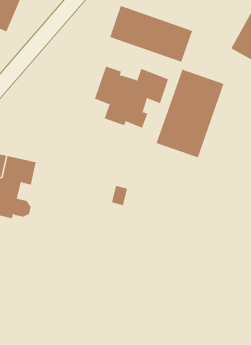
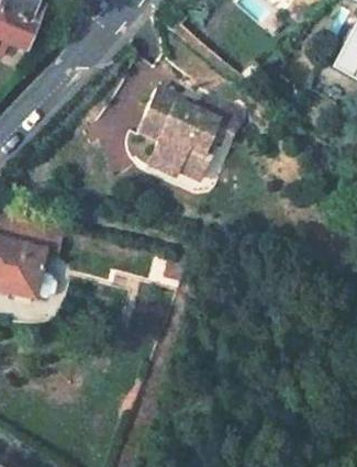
building: [109,5,193,63] -> none
building: [156,69,224,158] -> none

